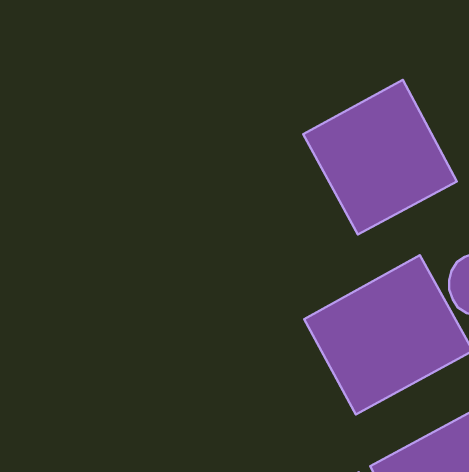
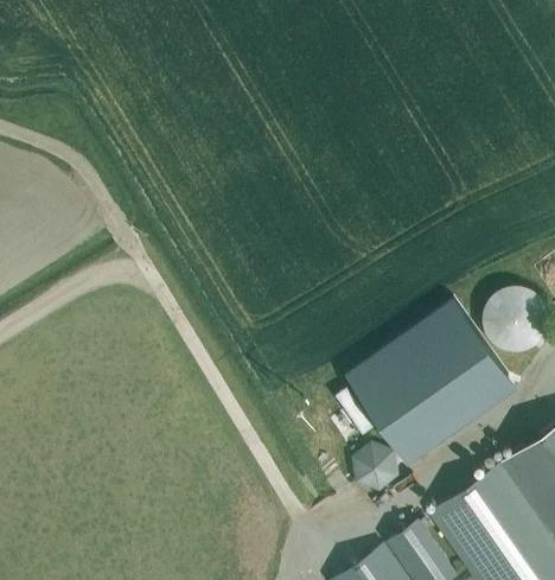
building: [303,80,457,235] -> none
building: none -> [353,444,397,491]

